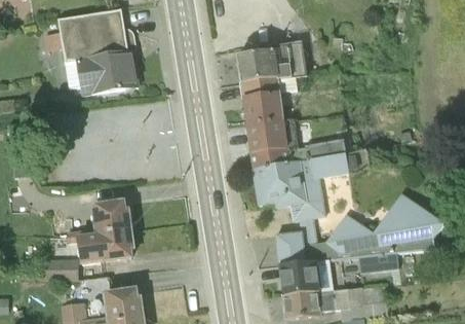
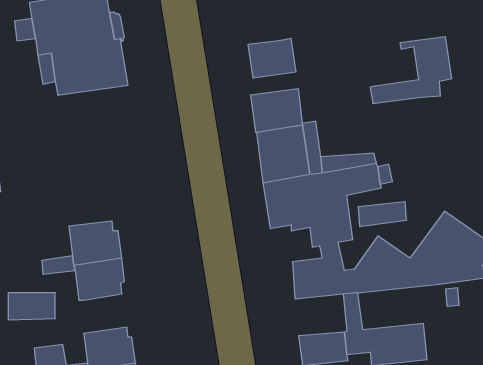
building: [238,40,306,96] -> [370,37,452,103]
building: [358,253,398,274] -> [358,202,407,227]
building: [277,261,320,296] -> none

